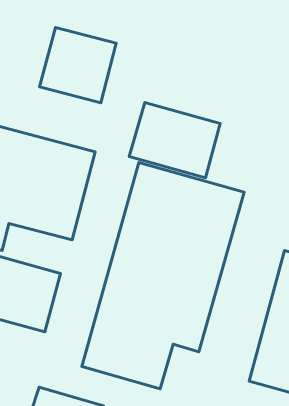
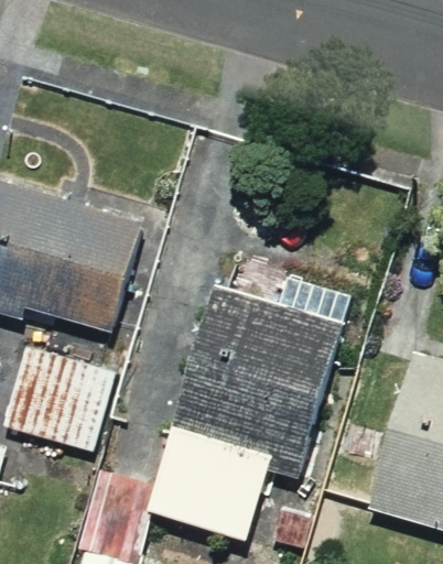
building: [40,28,116,103] -> none
building: [129,102,220,178] -> none

